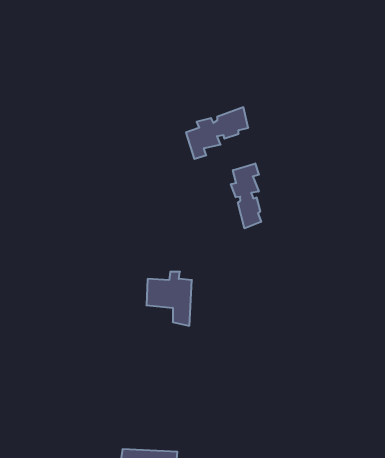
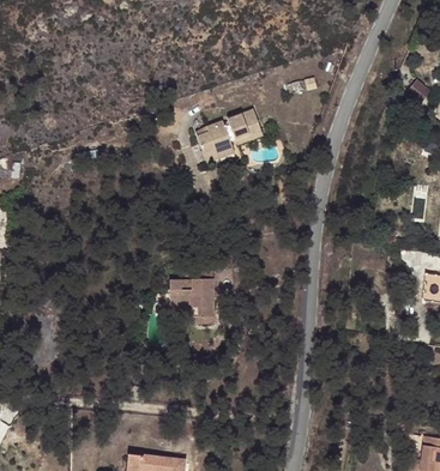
building: [231,163,261,228] -> none

